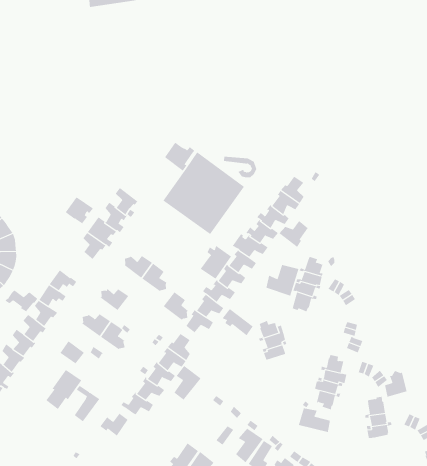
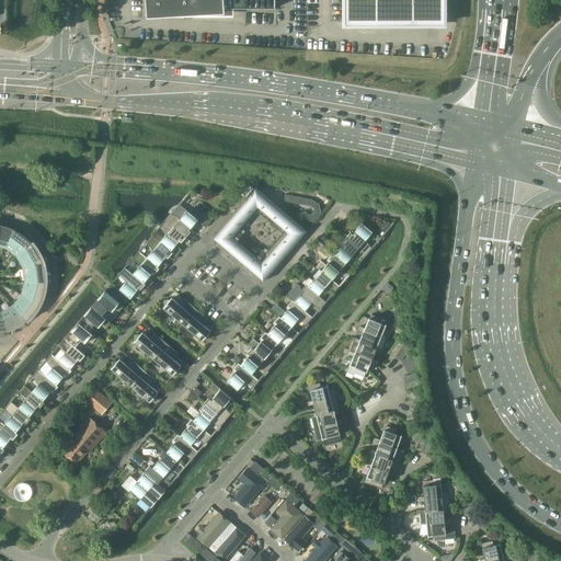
building: [164,142,195,171] -> [165,204,201,238]
building: [65,196,94,224] -> [91,290,124,322]
building: [279,220,309,248] -> none
building: [200,245,232,280] -> none
building: [266,264,299,297] -> none
building: [5,290,38,313] -> none
building: [163,291,189,320] -> [152,343,181,376]
building: [222,308,253,336] -> none
building: none -> [313,419,342,446]
building: [173,365,202,401] -> [233,468,266,507]
building: [384,370,407,398] -> none
building: [74,385,100,422] -> [140,466,171,507]
building: [298,408,330,433] -> none
building: none -> [426,519,456,540]

